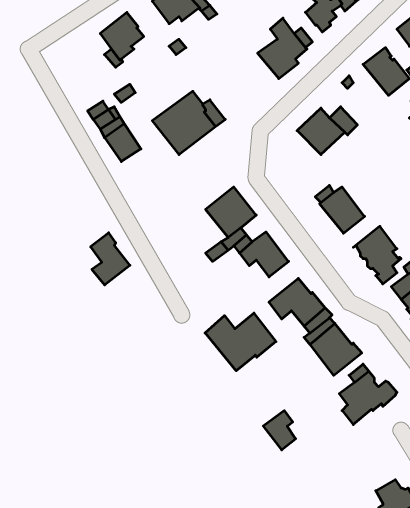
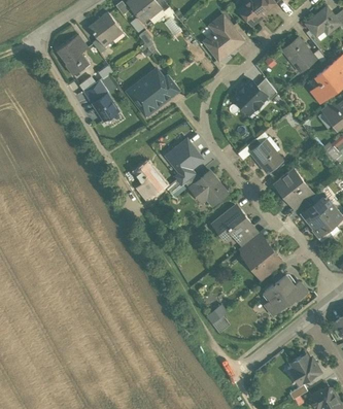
building: none -> [58,36,88,75]
building: [91,233,130,285] -> [135,162,164,200]
building: [205,313,276,371] -> none

